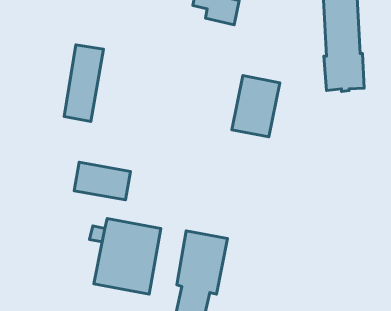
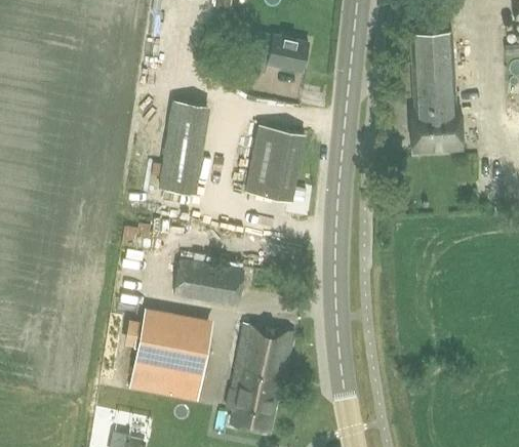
building: [64,45,104,122] -> [160,100,208,194]
building: [232,75,280,137] -> [246,125,305,200]
building: [74,162,130,200] -> [174,259,243,306]

